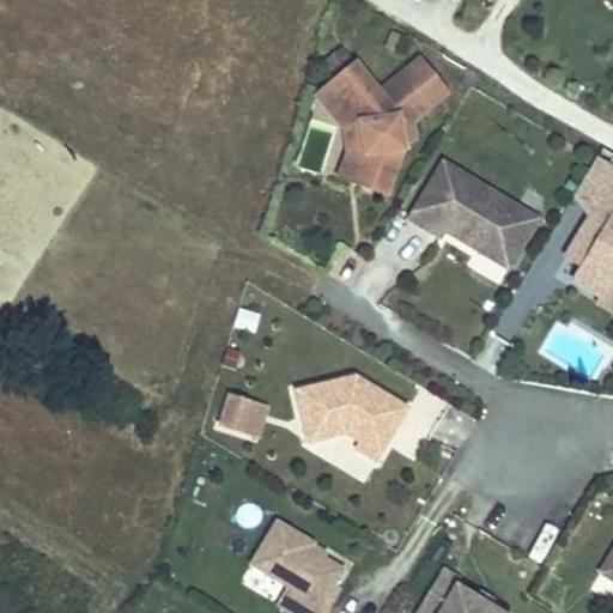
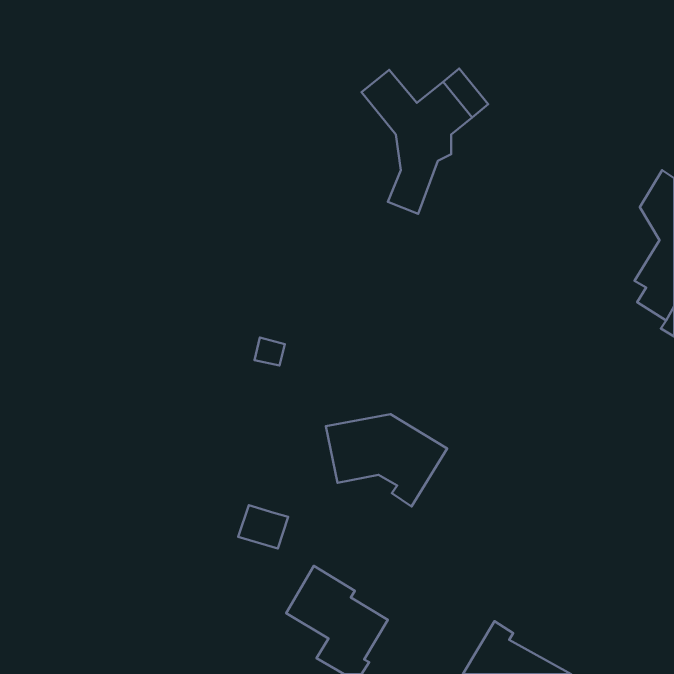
building: [315,84,364,183] -> none
building: [406,163,534,269] -> none
building: [220,394,266,433] -> [238,505,288,549]

